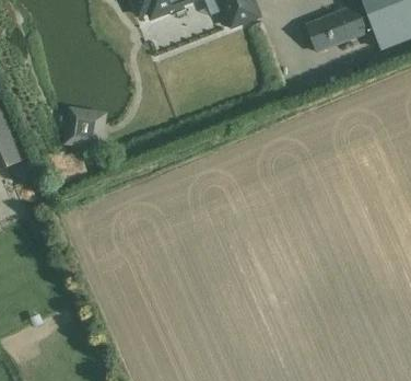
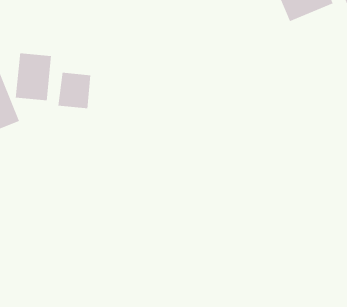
building: none -> [15,52,52,101]

